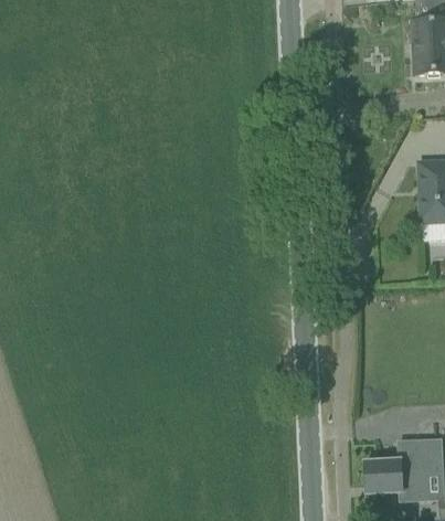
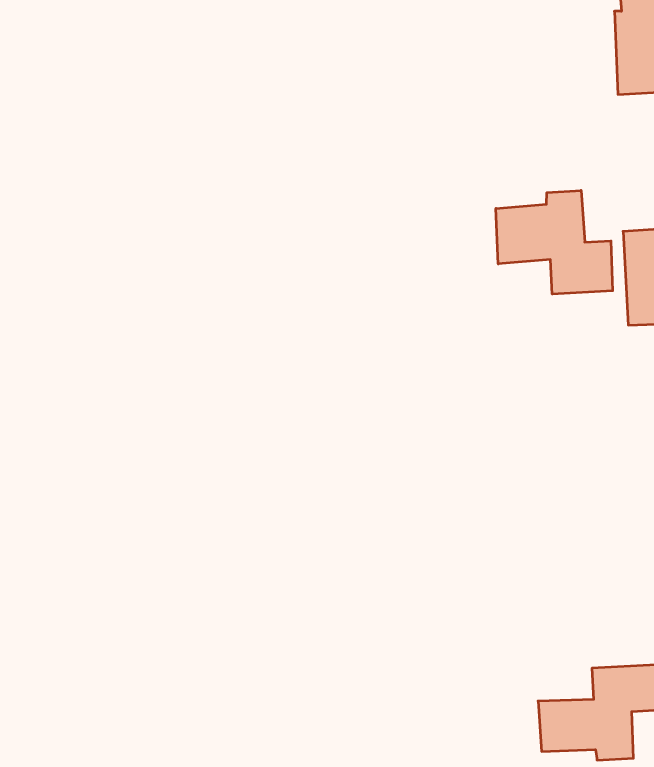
building: none -> [496,190,613,294]

